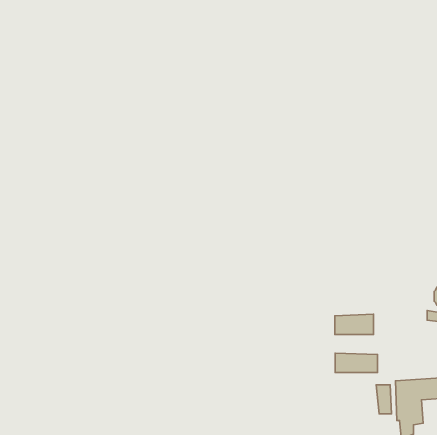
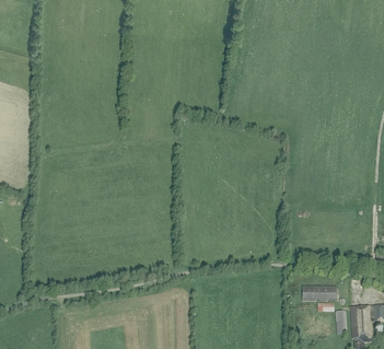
building: [335,314,374,334] -> none

